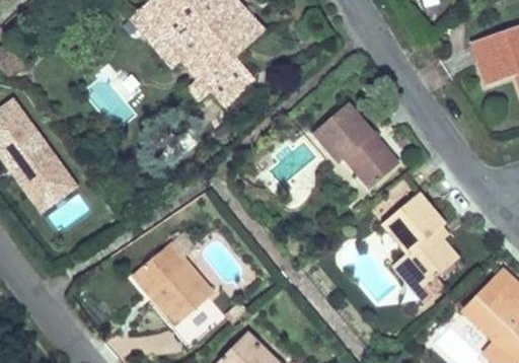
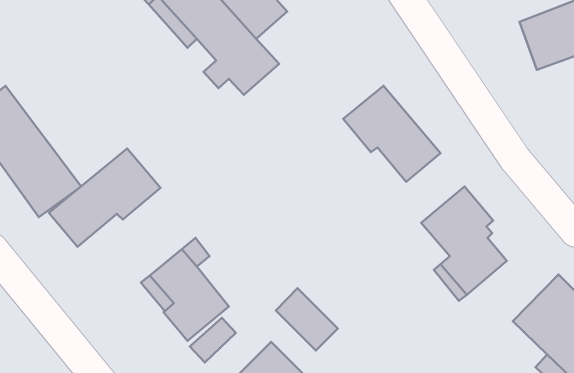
building: none -> [49,149,160,247]
building: none -> [276,288,338,351]

